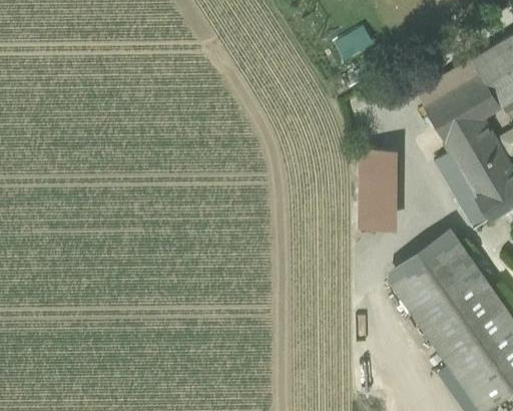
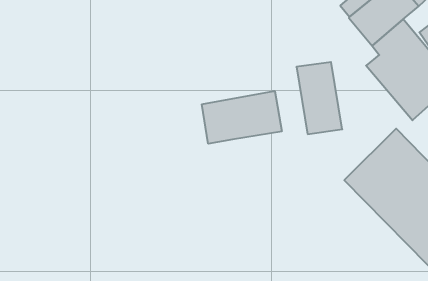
building: none -> [202,91,282,144]

